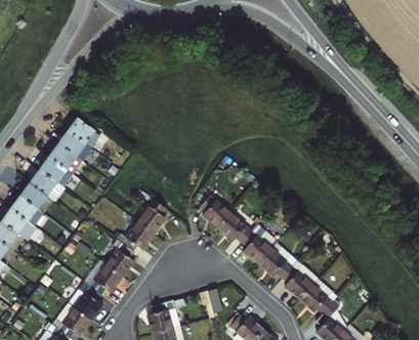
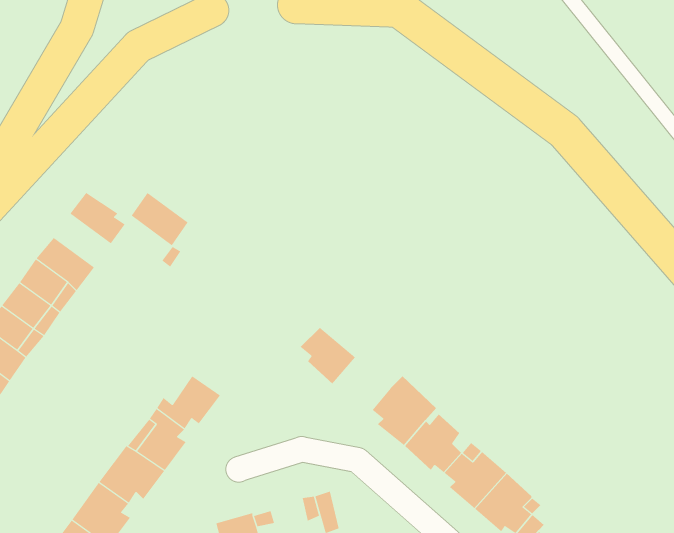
building: [58,130,91,161] -> [131,192,188,246]
building: [137,200,166,233] -> none
building: [217,212,250,242] -> none

